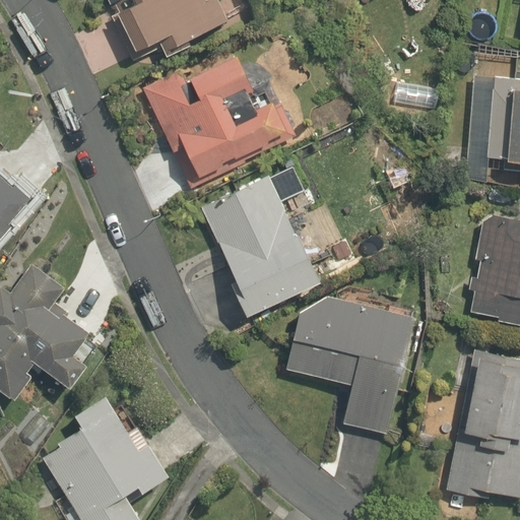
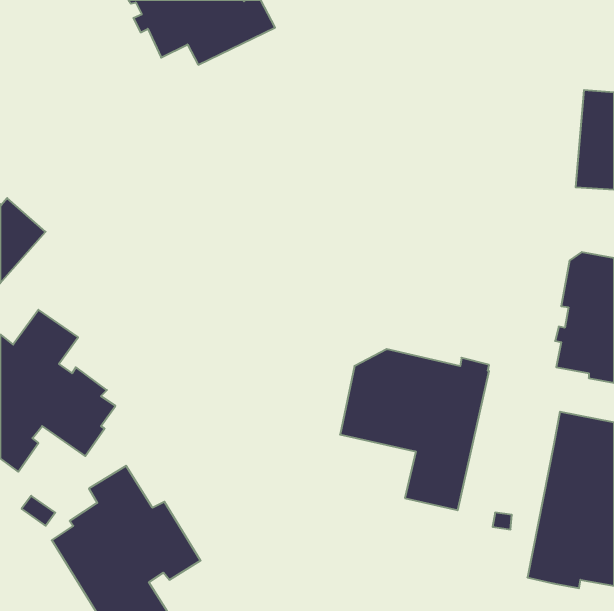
building: [143,56,298,190] -> none
building: [202,174,322,317] -> none

